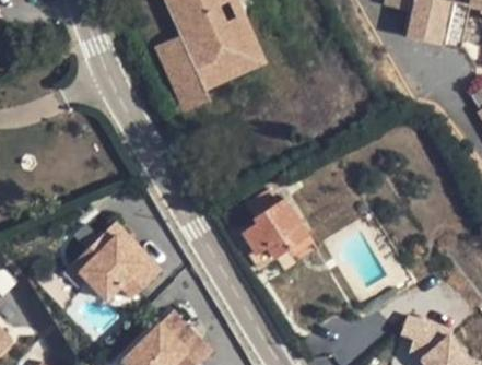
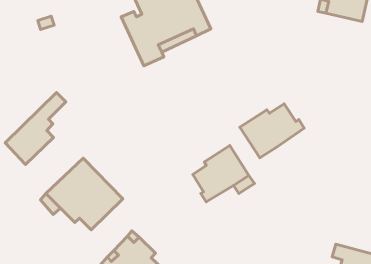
building: none -> [5,93,66,164]
building: none -> [240,104,304,158]

